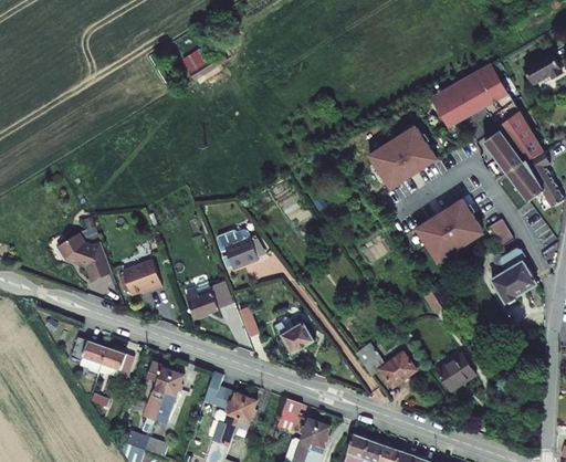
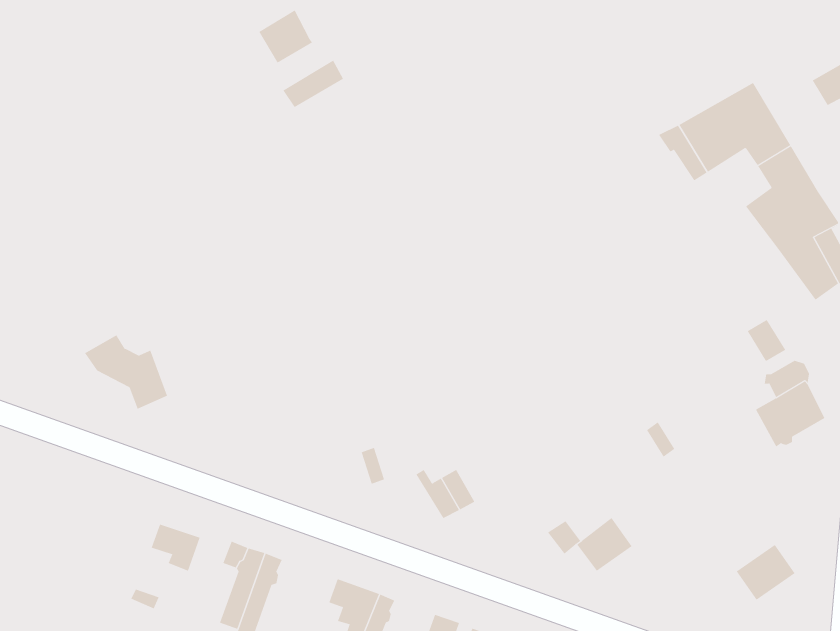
building: none -> [258,10,313,63]
building: [367,127,436,189] -> none
building: [413,199,481,262] -> none
building: [217,227,256,266] -> none
building: [119,254,160,288] -> none
building: [184,276,231,314] -> none
building: [70,342,106,367] -> none
building: [433,349,472,386] -> [736,544,796,601]

